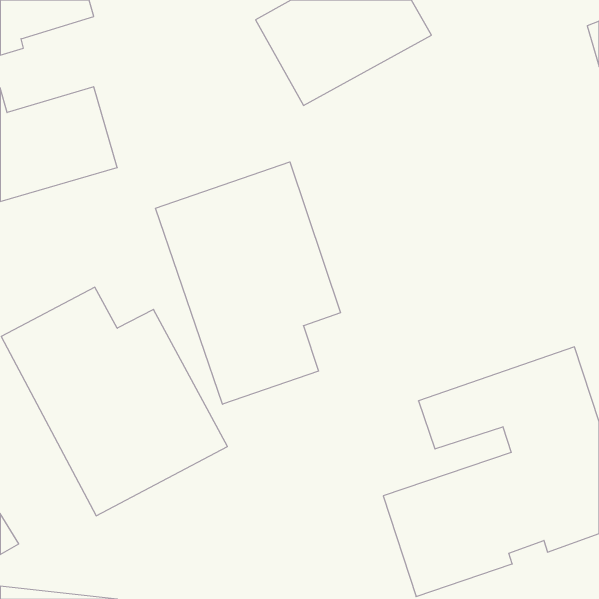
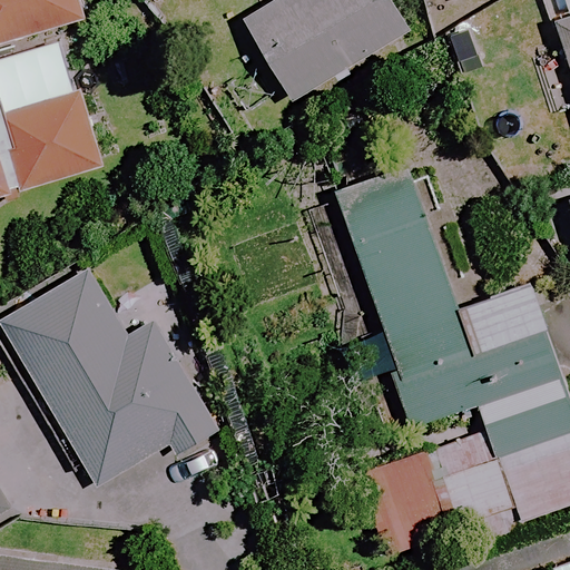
building: [155,162,340,404] -> none
building: none -> [333,163,546,381]

